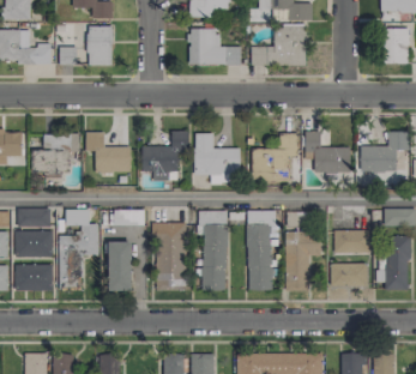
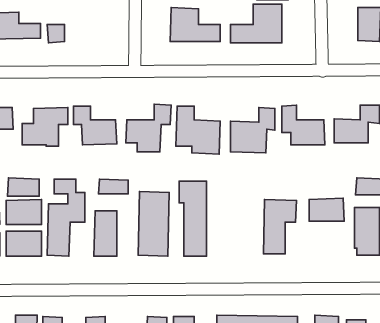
building: [88,25,113,65] -> none
building: [247,210,277,290] -> none
building: [332,263,368,285] -> none

